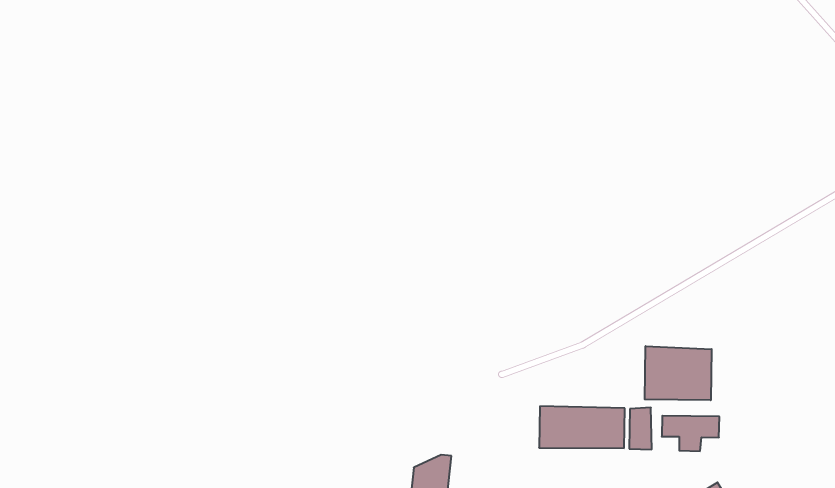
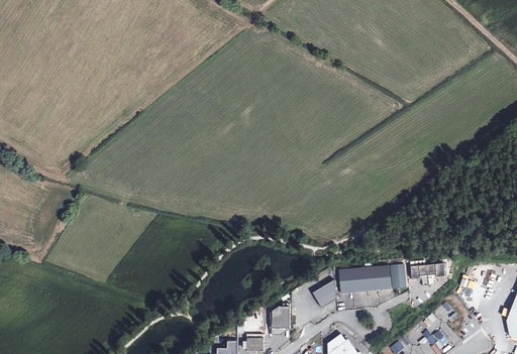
building: [645,346,712,400] -> none
building: none -> [313,279,337,308]

